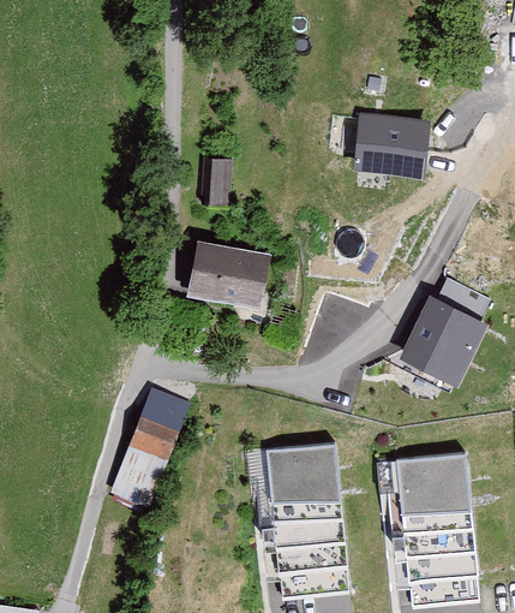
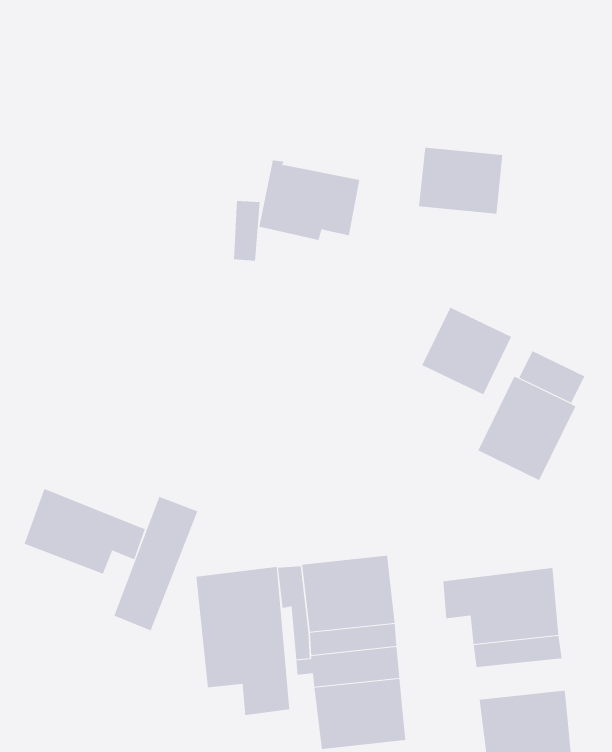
building: [185,242,265,305] -> [259,160,360,240]
building: none -> [422,307,512,395]
building: none -> [24,488,146,575]
building: none -> [196,566,290,716]
building: [390,524,473,557] -> none

